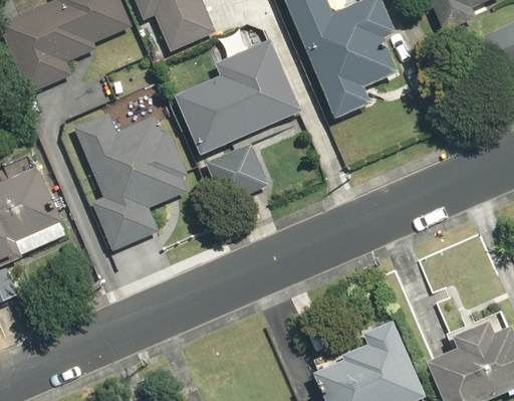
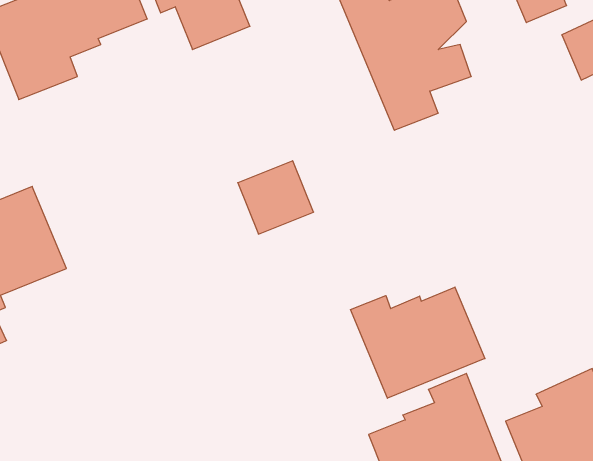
building: [175,40,302,157] -> none
building: [75,110,192,248] -> none
building: none -> [350,287,485,398]

